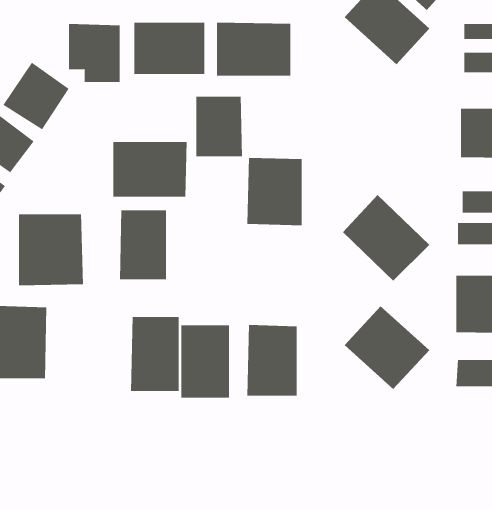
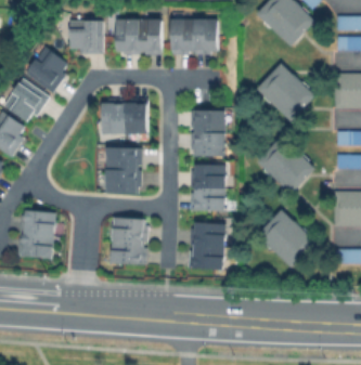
building: none -> [259,66,310,117]
building: [196,96,243,157] -> none
building: [19,214,83,286] -> none
building: [181,325,230,398] -> [192,162,225,212]

